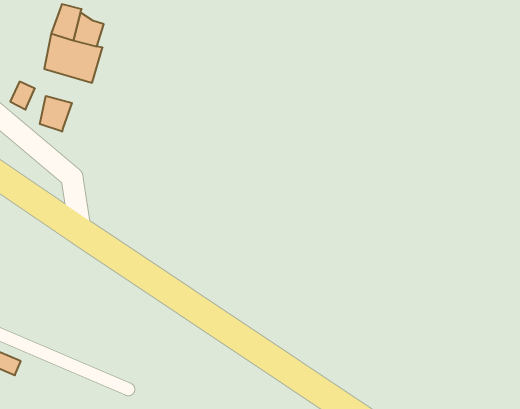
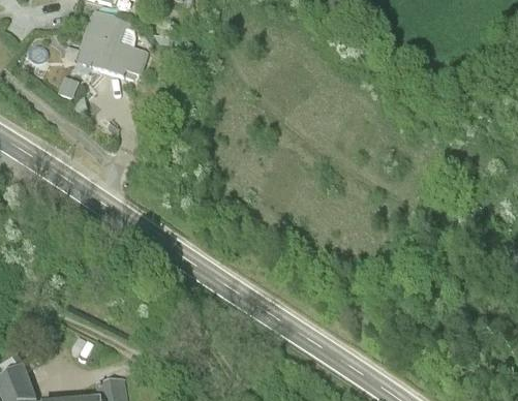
building: [40,96,72,132] -> none

